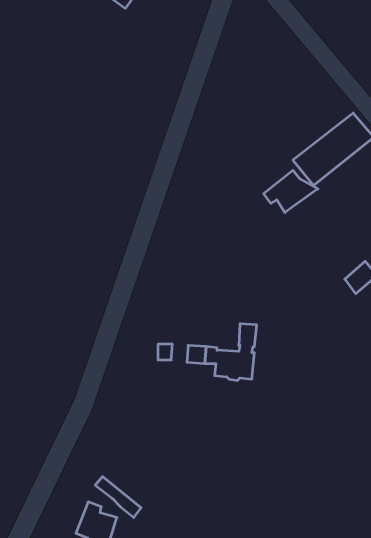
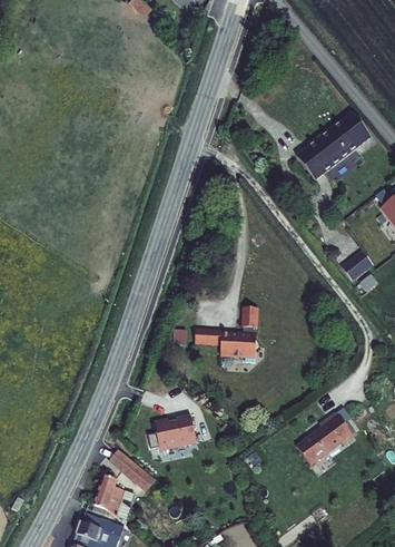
building: [264,170,318,213] -> none
building: none -> [142,414,191,449]
building: none -> [299,418,356,470]

